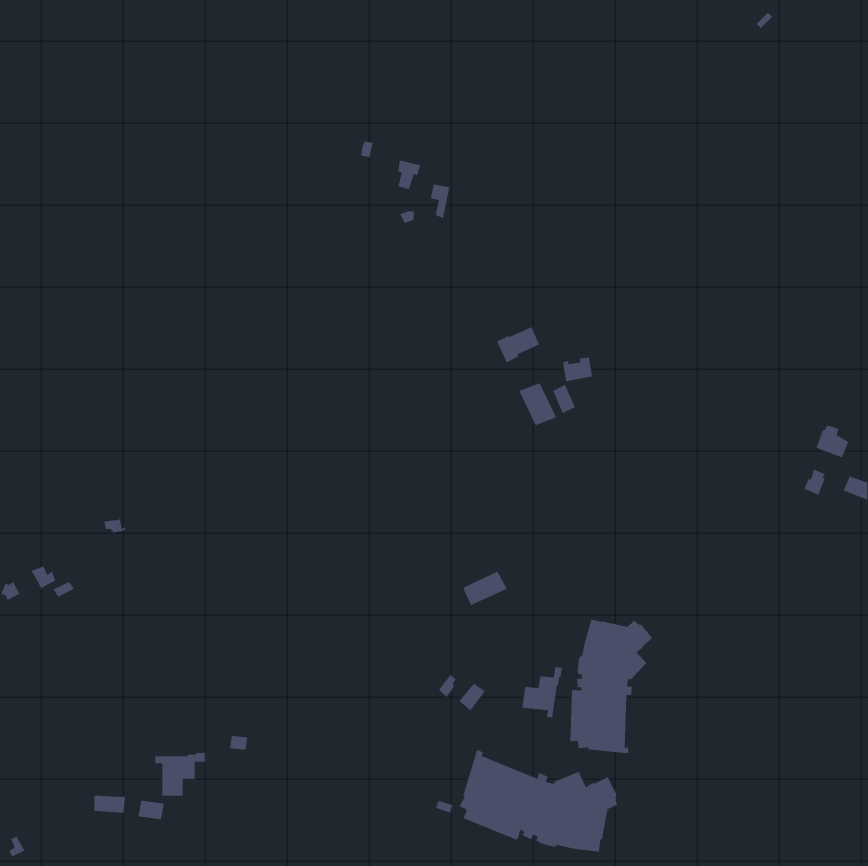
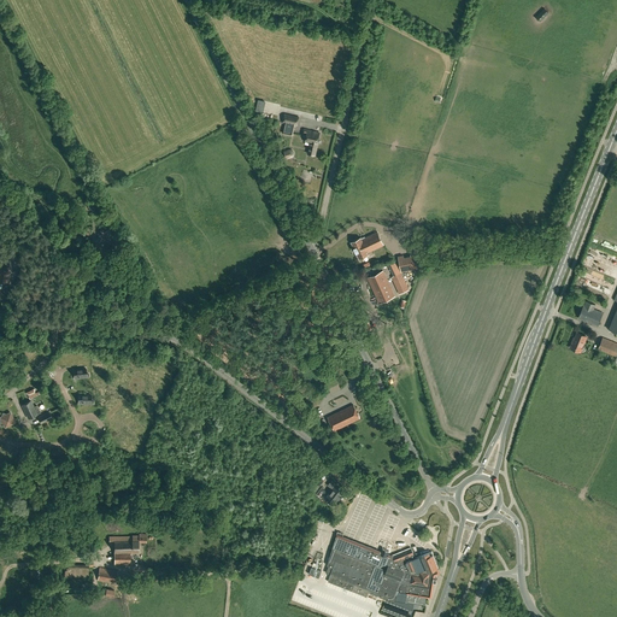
building: [570,619,653,754] -> none
building: [521,666,563,718] -> none

